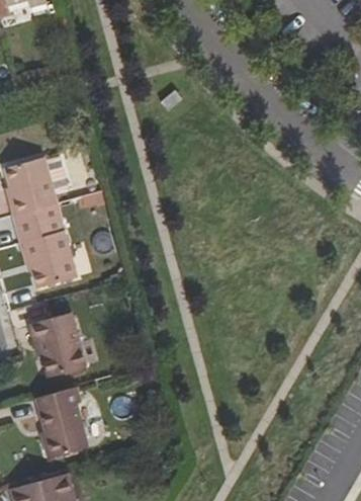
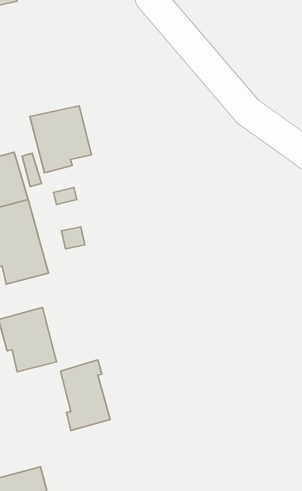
building: none -> [30,106,91,173]
building: [36,388,86,458] -> [61,360,110,431]

